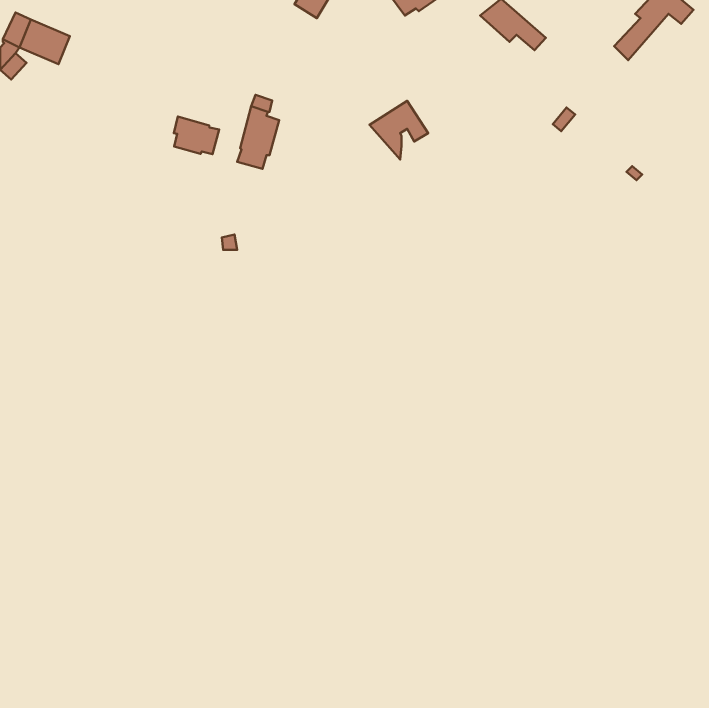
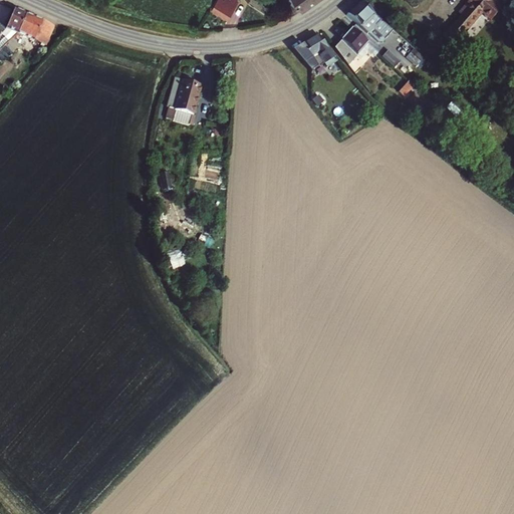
building: none -> [336,25,380,62]
building: [370,101,428,160] -> [294,31,336,73]
building: [174,116,219,154] -> none

